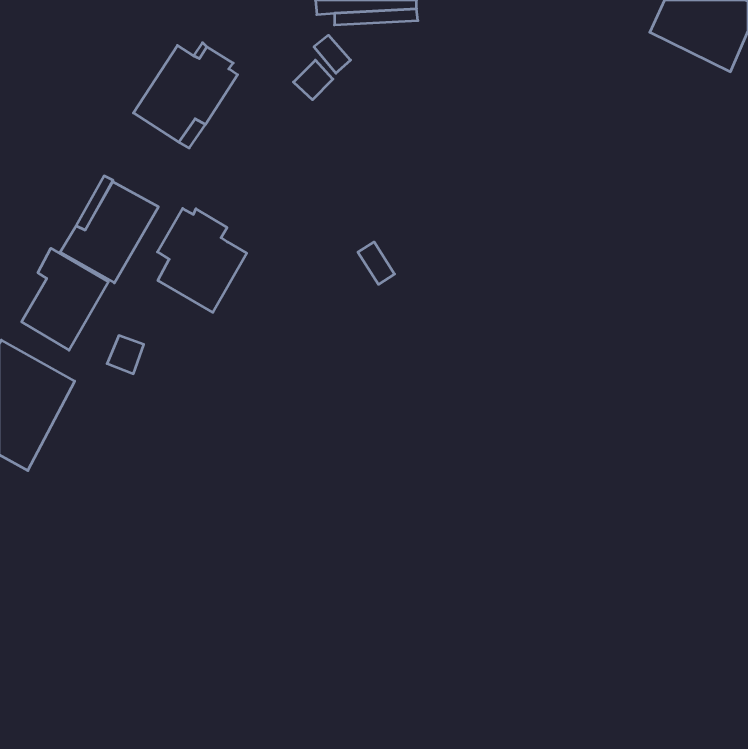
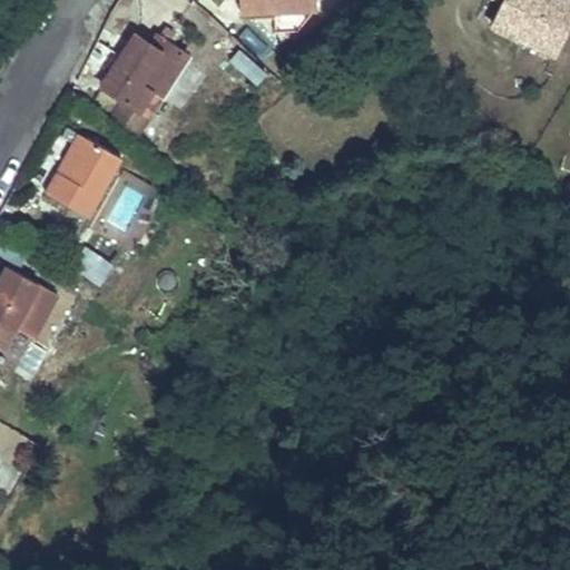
building: [157,208,247,312] -> none
building: [22,248,108,350] -> none

